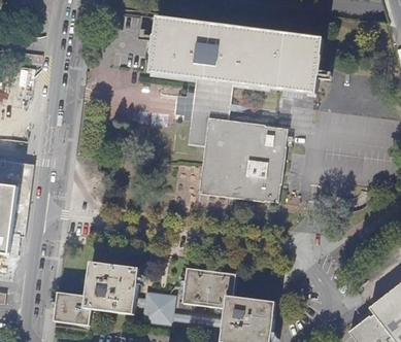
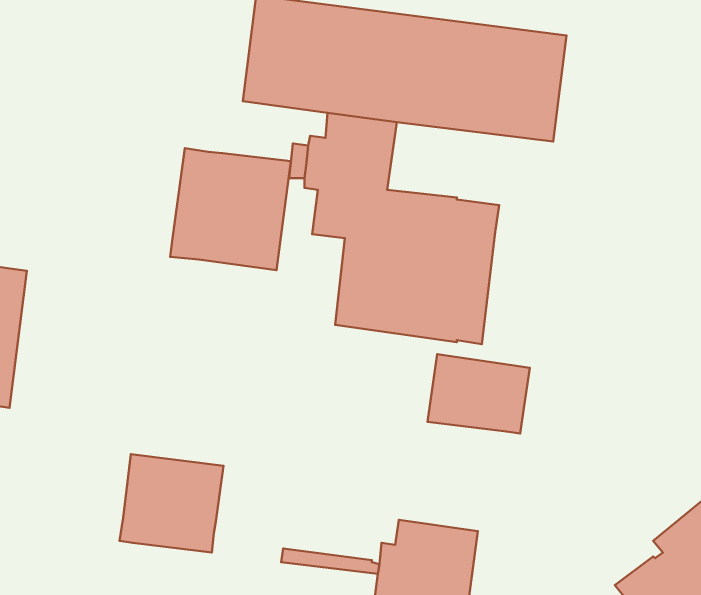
building: none -> [170,148,291,270]
building: [181,267,236,309] -> [428,354,530,433]
building: [54,292,91,324] -> none
building: [142,293,173,322] -> none

